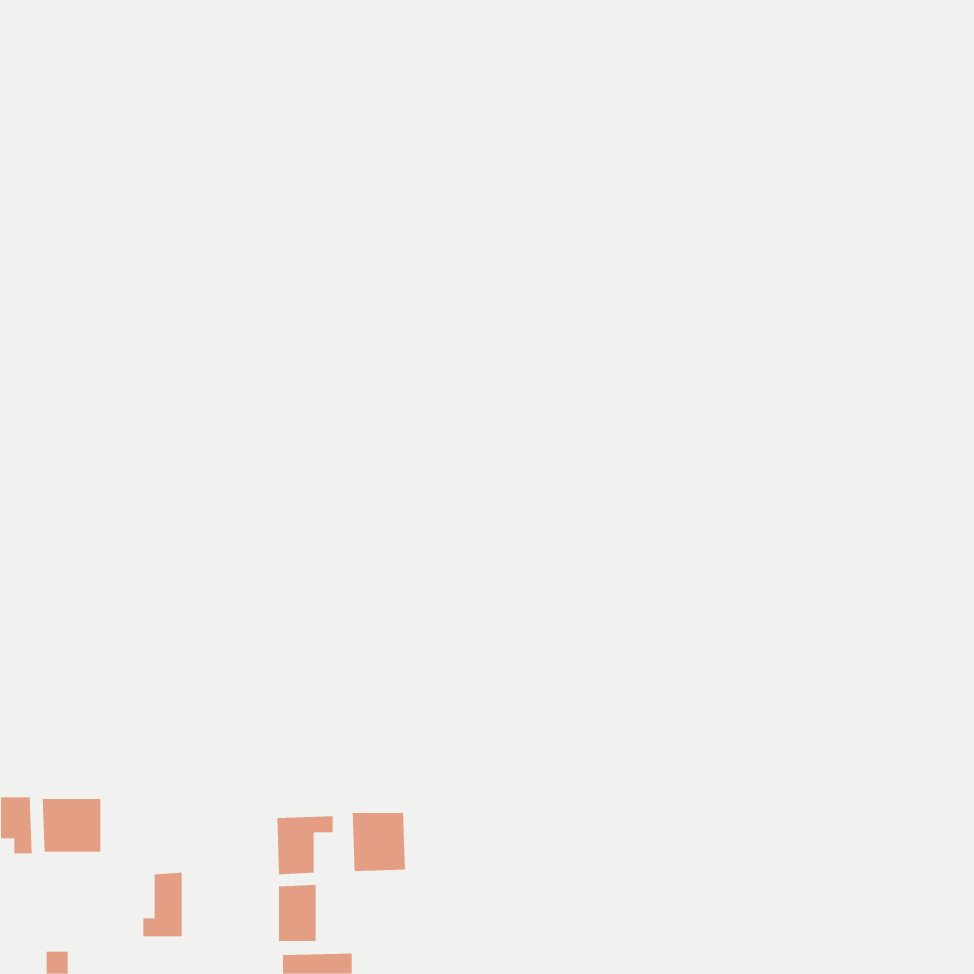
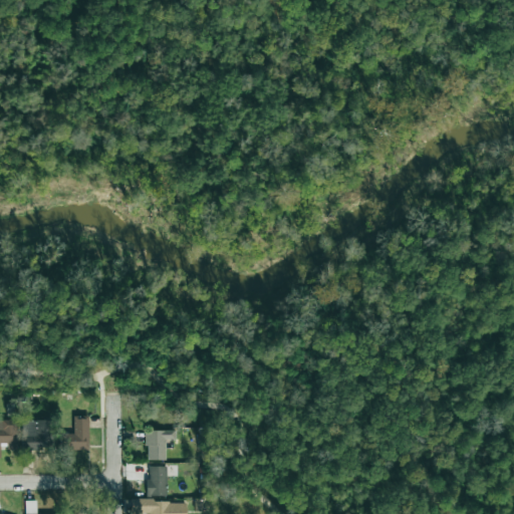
building: [352,812,406,872] -> none
building: [143,872,183,937] -> [67,416,88,450]

